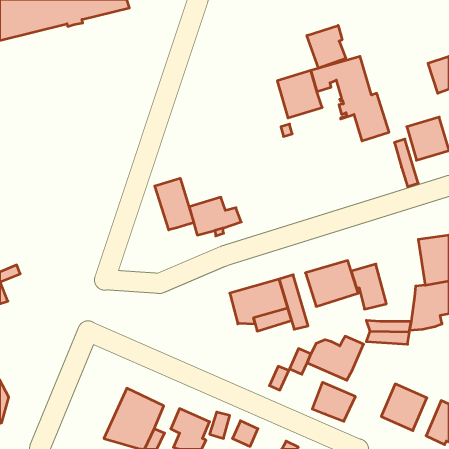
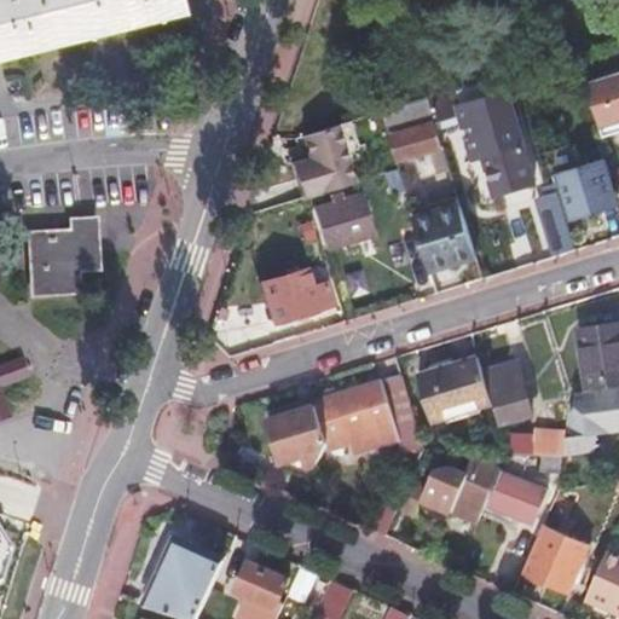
building: [307,25,346,68] -> none
building: none -> [289,126,352,199]
building: none -> [314,195,371,248]
building: none -> [412,204,476,274]
building: none -> [27,218,93,294]
building: [155,178,194,230] -> none
building: none -> [268,406,326,467]
building: [312,382,355,421] -> [486,472,545,525]

